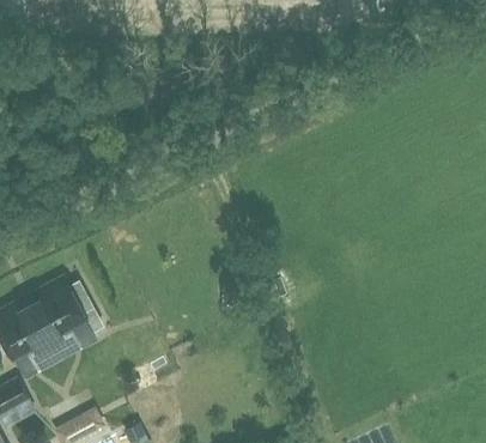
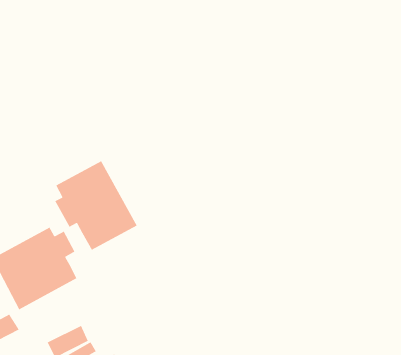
building: none -> [54,160,138,251]

